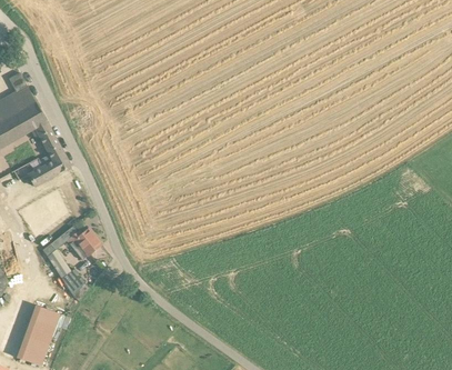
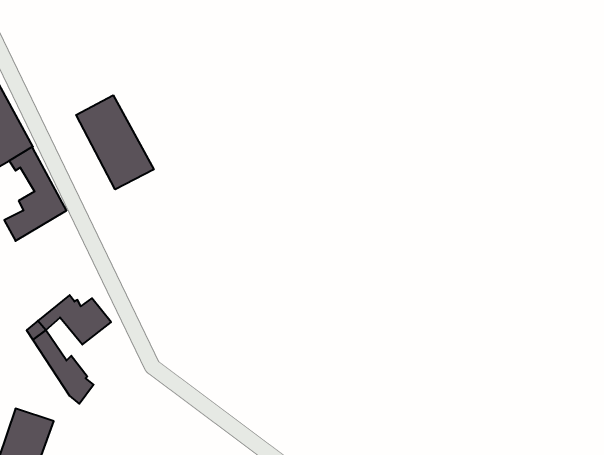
building: none -> [76,95,154,189]

